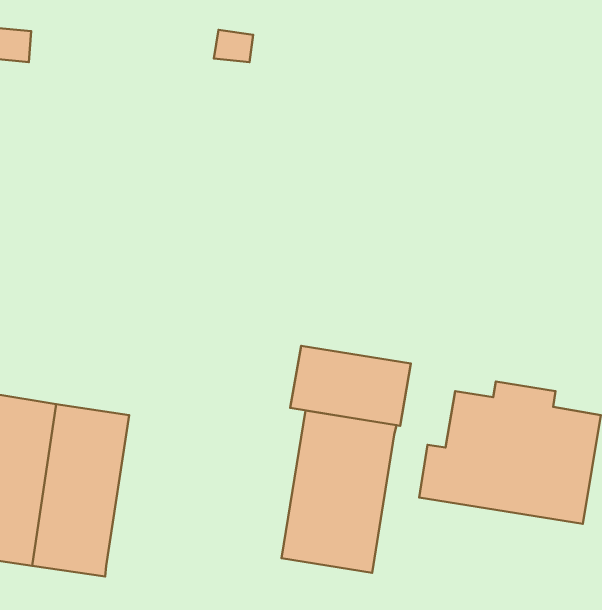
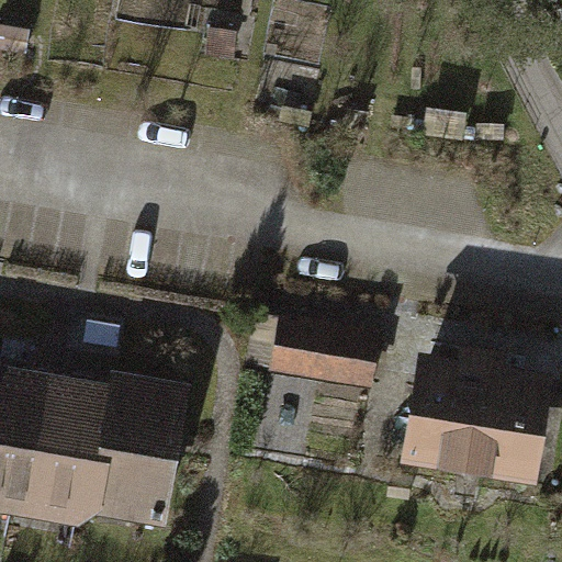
building: none -> [98,372,187,530]
building: [281,410,396,573] -> none

